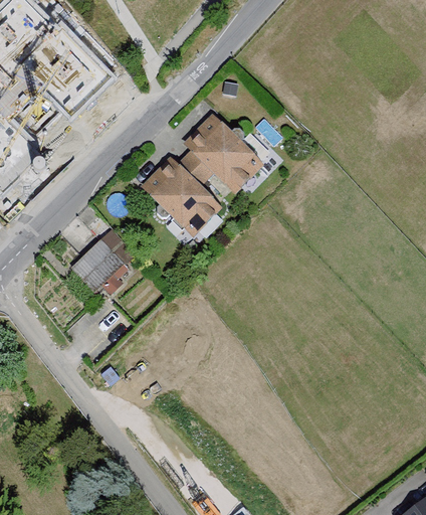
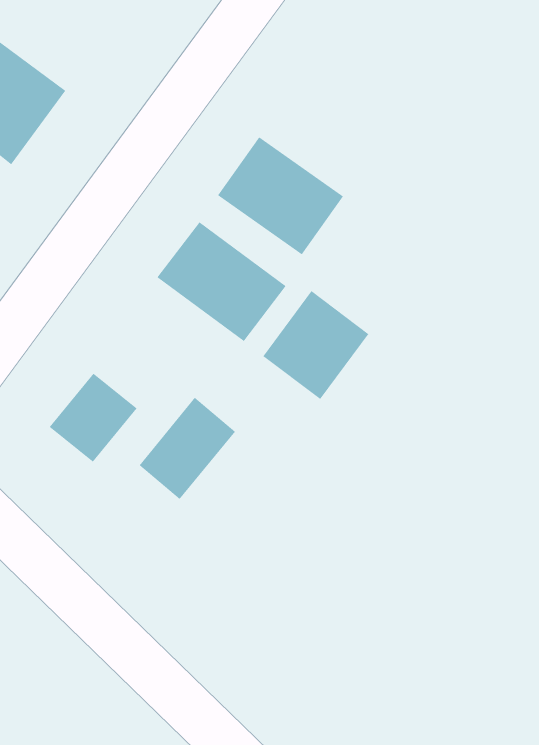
building: none -> [263,290,369,400]
building: none -> [139,397,236,500]

